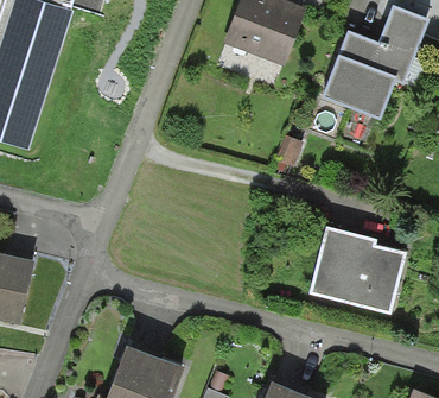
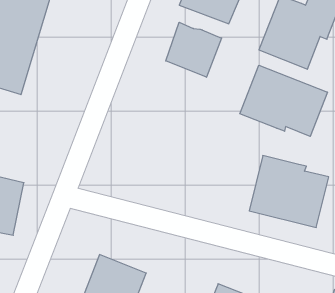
building: none -> [166,22,222,77]
building: none -> [240,65,327,136]

